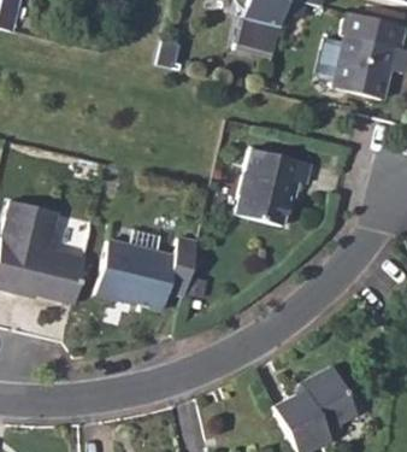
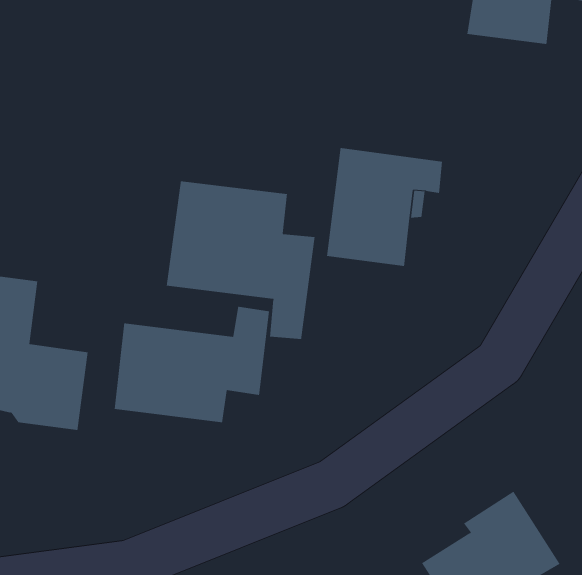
building: none -> [166,180,315,340]

